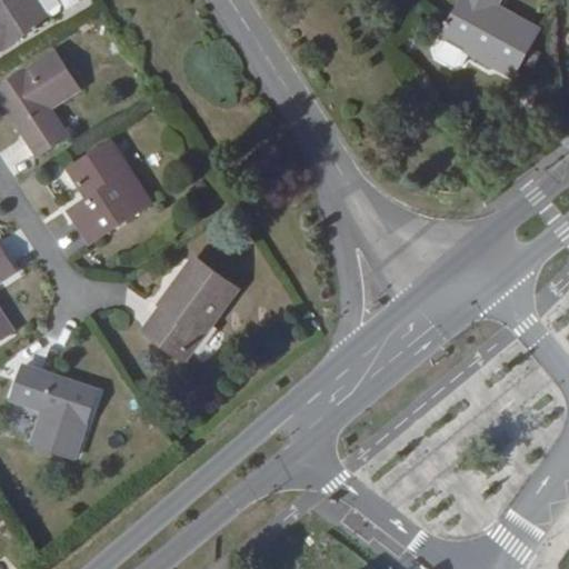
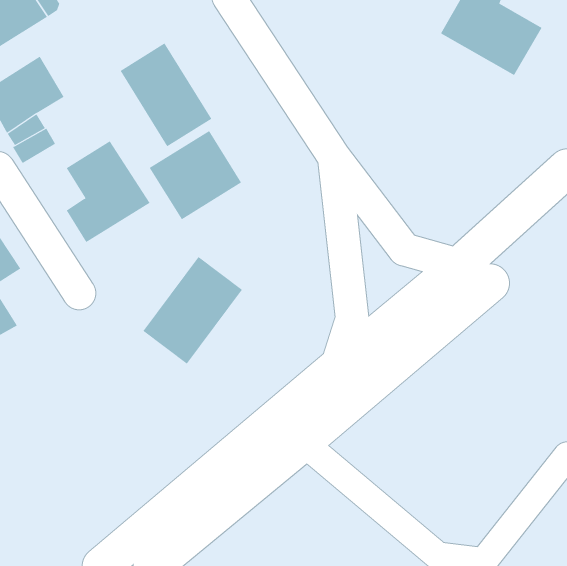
building: none -> [120,43,212,147]
building: none -> [149,130,242,220]
building: [12,359,97,458] -> none

